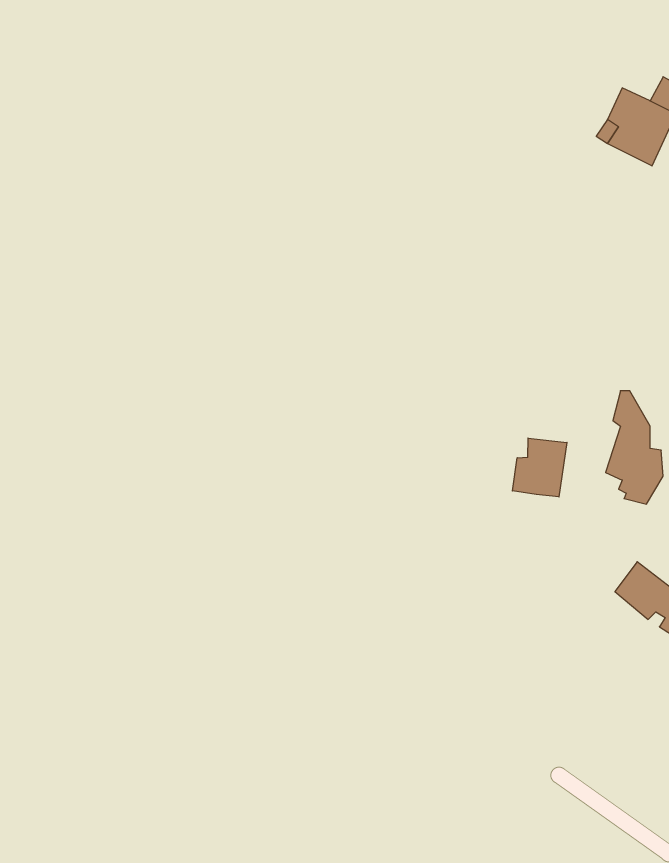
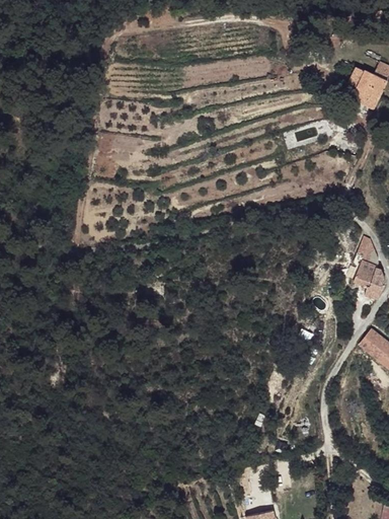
building: [512,438,567,497] -> none

